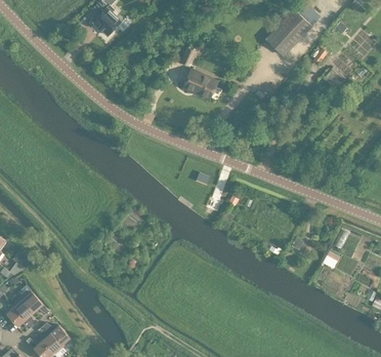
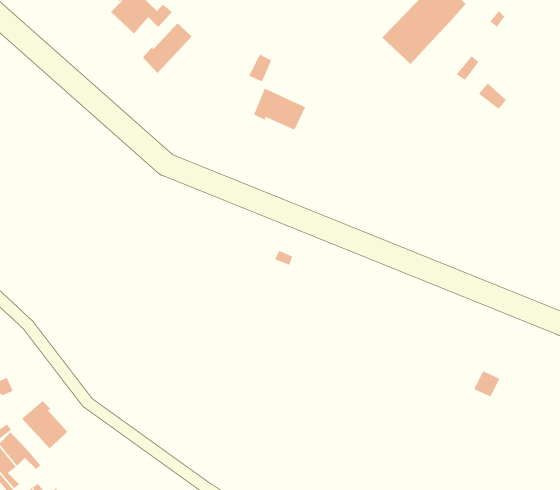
building: none -> [142,23,192,74]
building: none -> [21,400,68,449]

